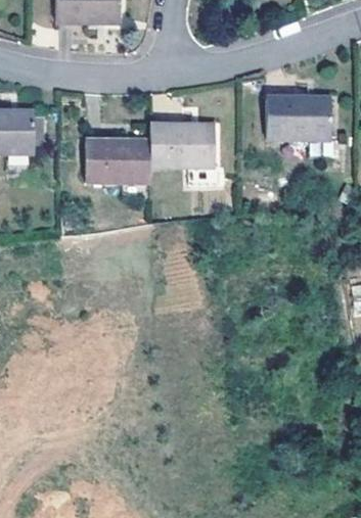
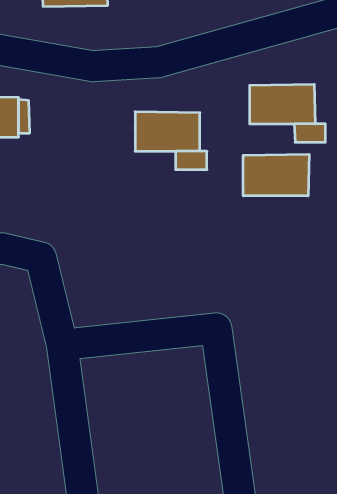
building: [85,141,151,182] -> none
building: none -> [243,154,309,196]

